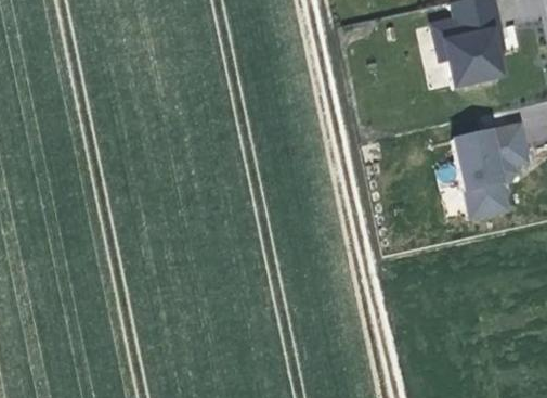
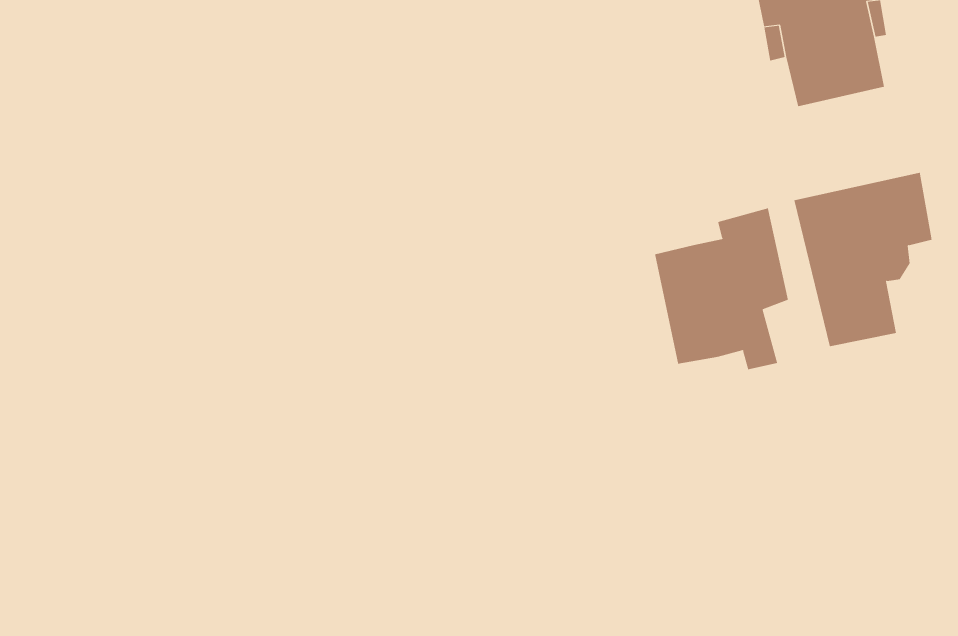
building: none -> [655,207,789,370]

